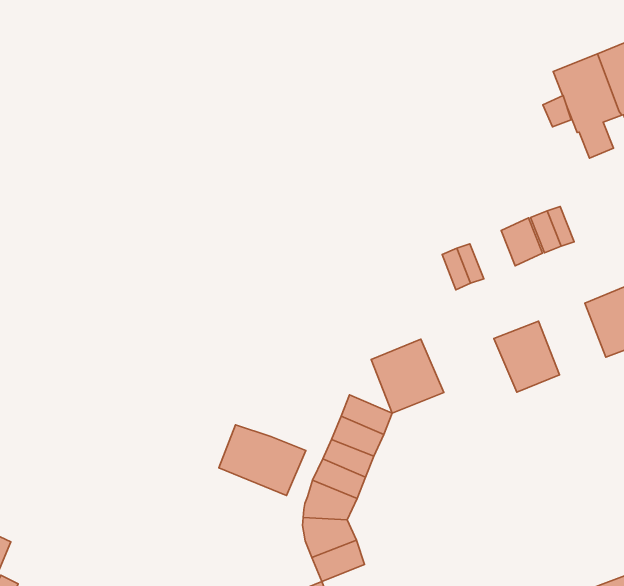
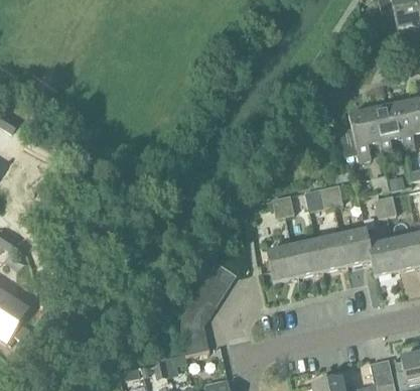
building: none -> [317,235,348,269]
building: [371,339,444,413] -> [266,245,300,280]
building: [219,425,306,495] -> none

